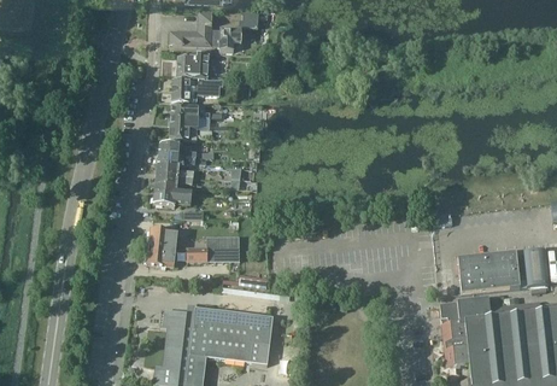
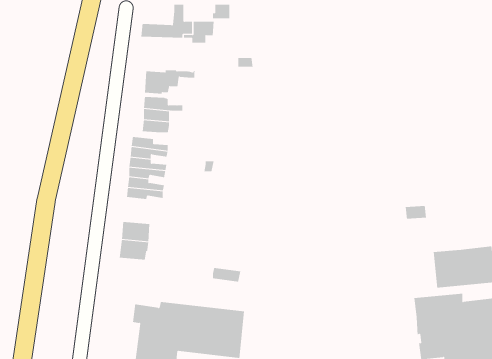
building: [177,53,212,77] -> none
building: [187,238,240,262] -> none

